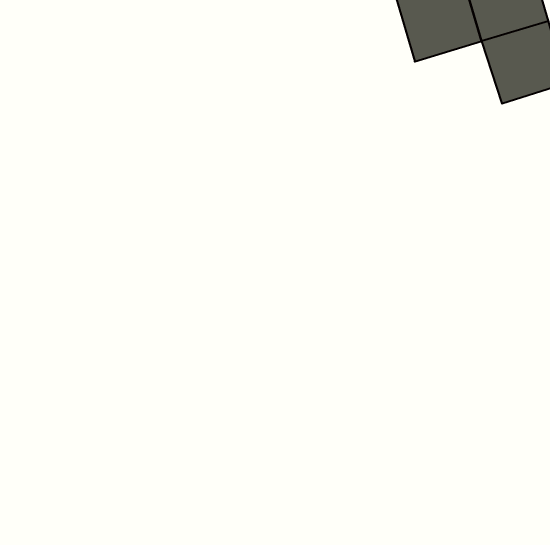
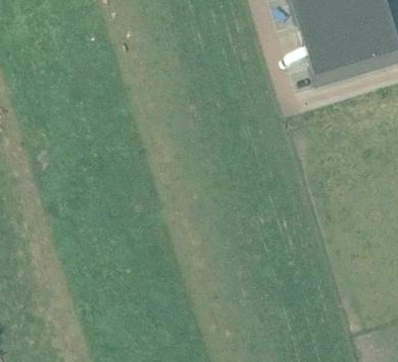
building: none -> [304,31,361,85]

